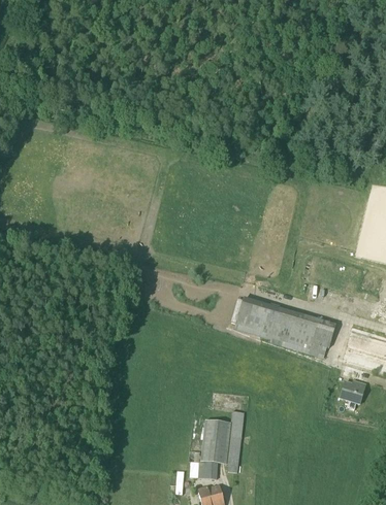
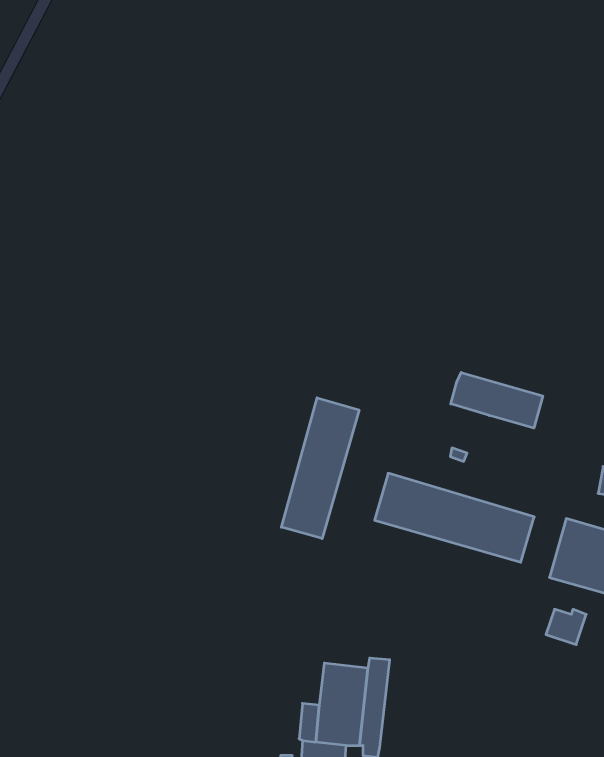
building: none -> [451,372,543,428]
building: none -> [281,398,359,539]

